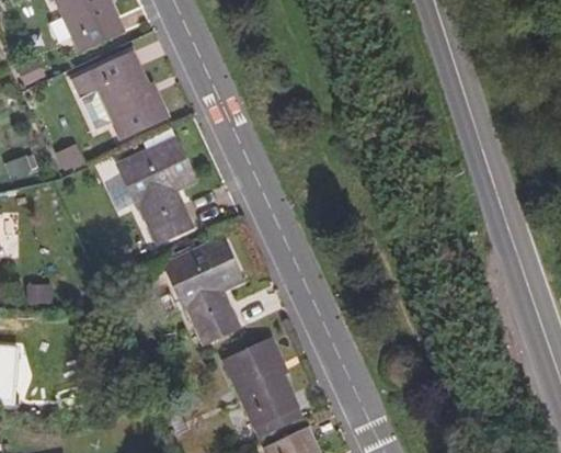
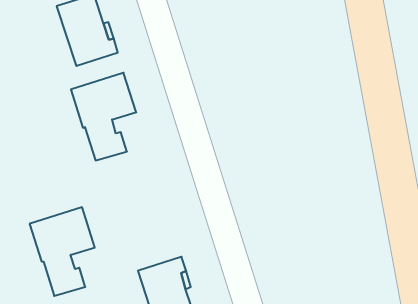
building: [164,238,242,343] -> [30,207,95,296]

